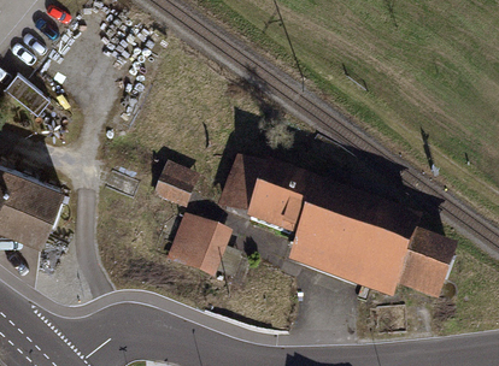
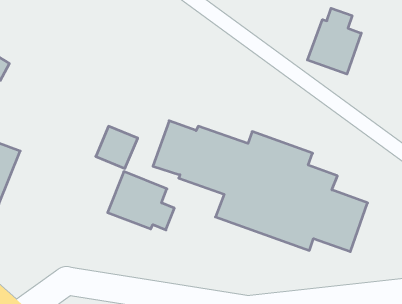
building: none -> [307,8,361,74]

